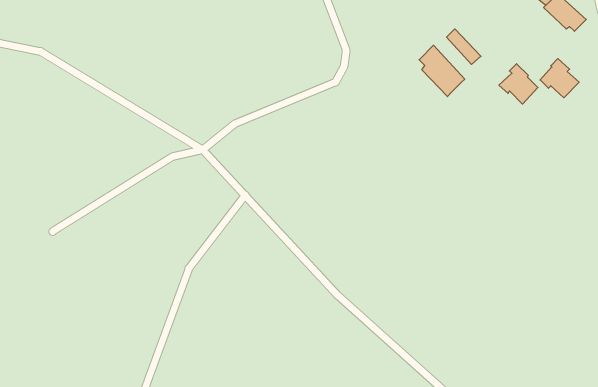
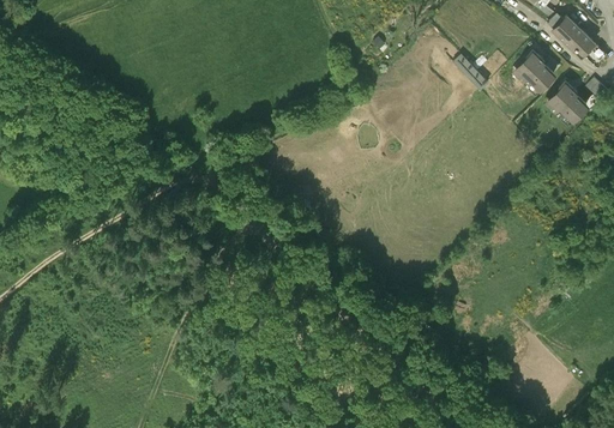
building: [419,45,465,97] -> none
building: [499,64,538,104] -> [514,48,554,89]

